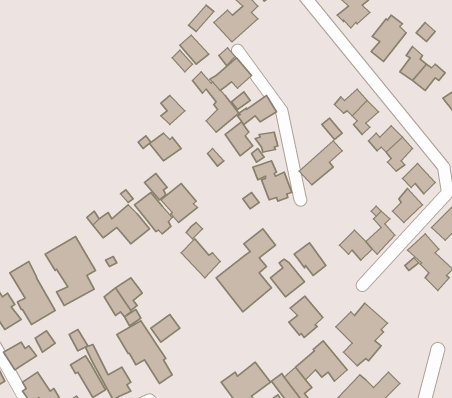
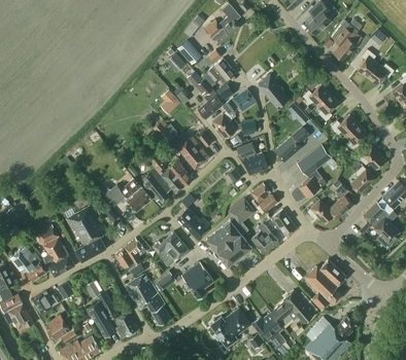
building: none -> [258,74,289,108]
building: none -> [176,135,209,170]
building: none -> [297,144,332,197]
building: none -> [250,183,277,215]
building: none -> [153,231,189,265]
building: [289,296,323,337] -> none
building: none -> [181,262,213,298]

